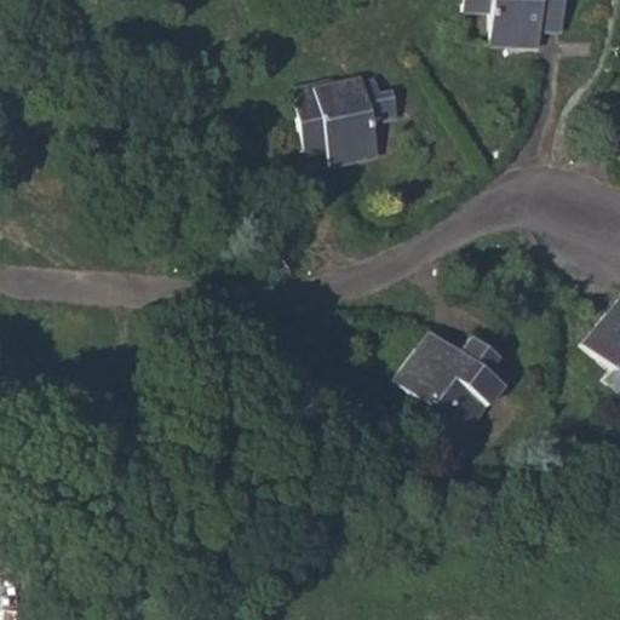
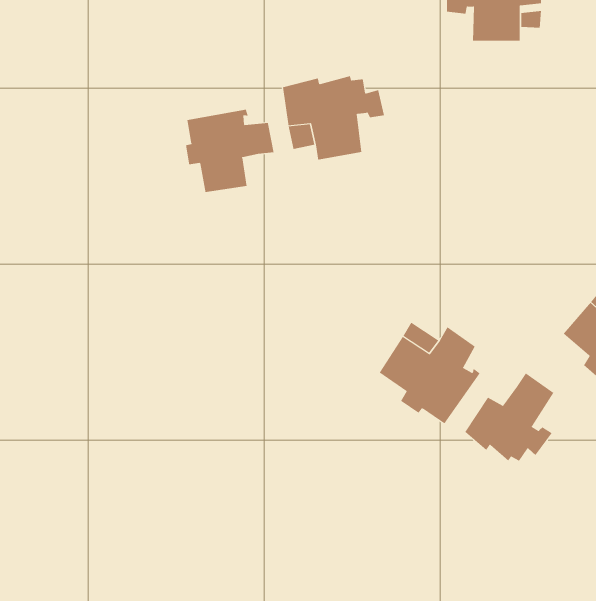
building: none -> [185,109,274,193]
building: none -> [464,373,554,462]

